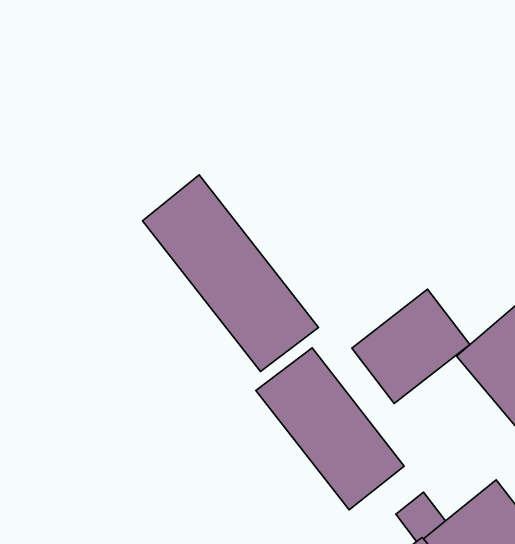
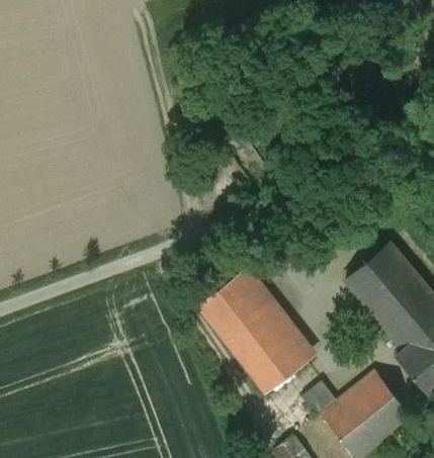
building: [143,175,318,372] -> none
building: [352,289,470,404] -> none

